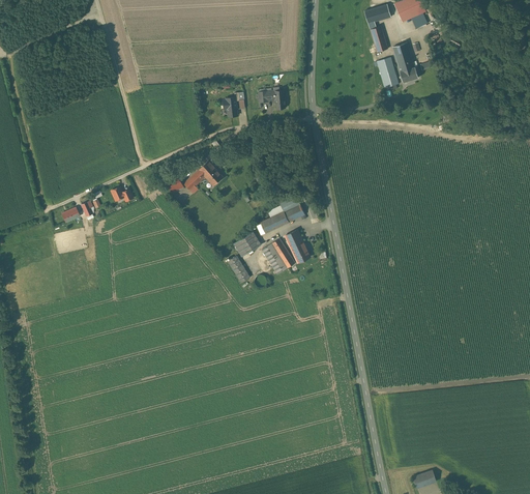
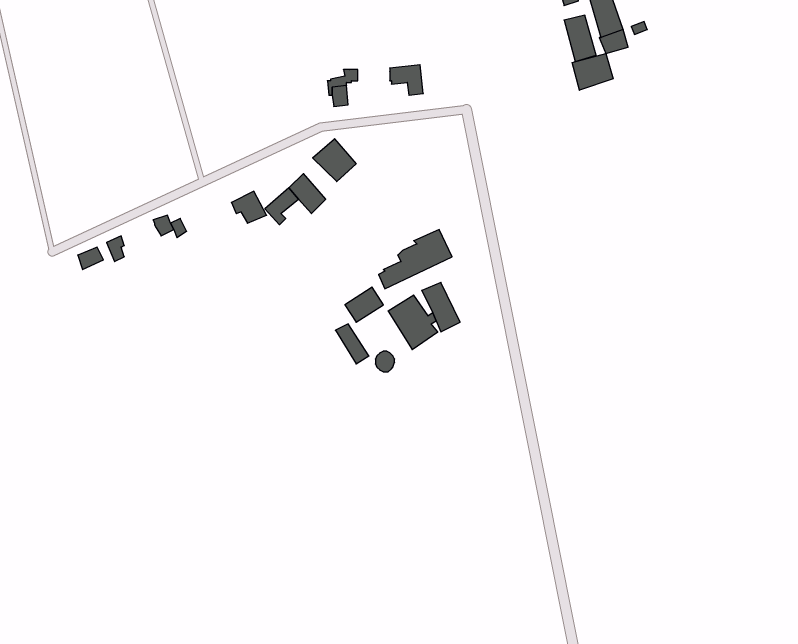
building: none -> [572,54,613,90]
building: none -> [313,139,356,182]

